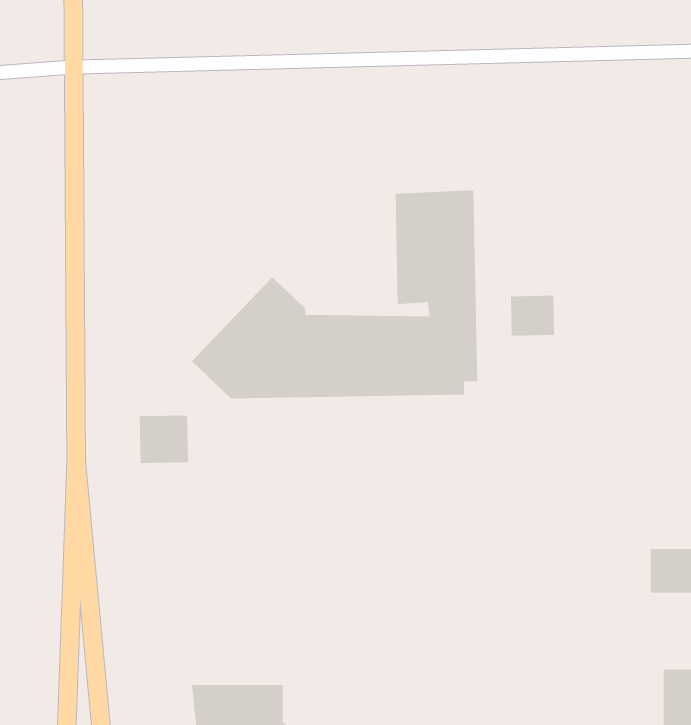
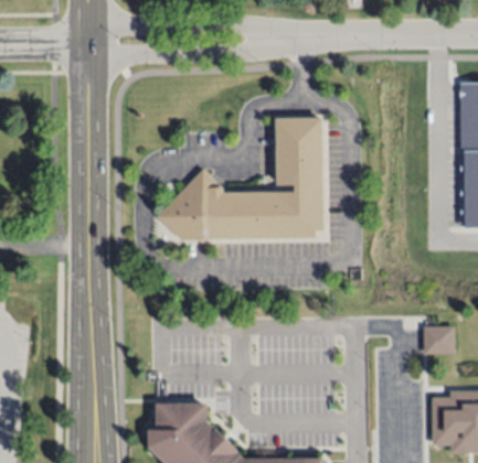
building: [510,295,555,336] -> none
building: [139,415,189,464] -> none

